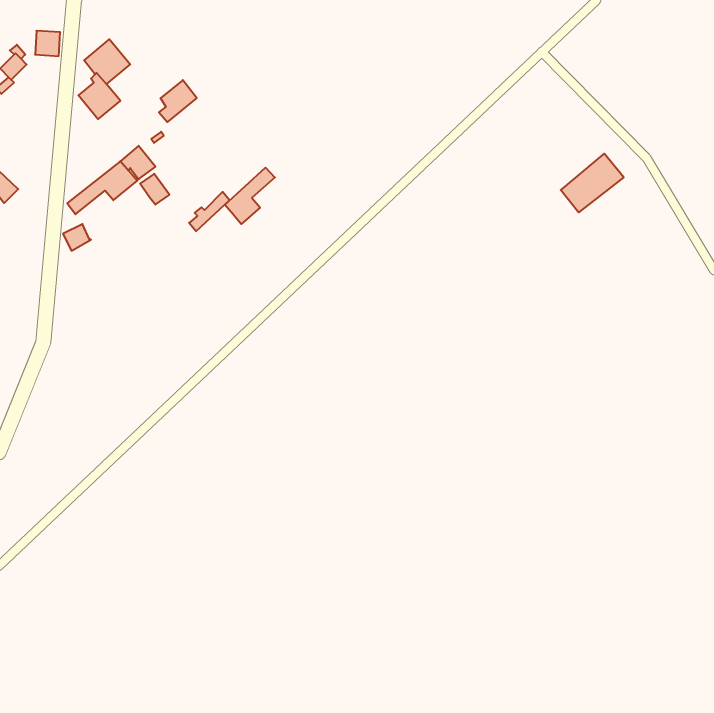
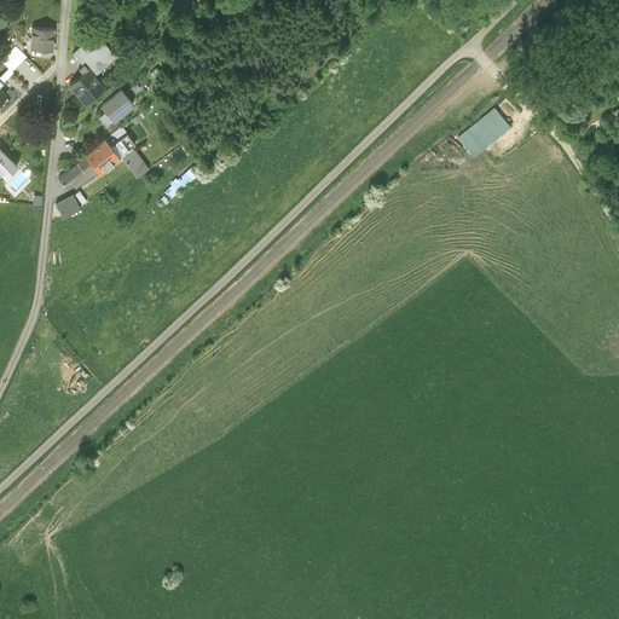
building: [159,80,197,122] -> [98,89,131,126]
building: [561,154,624,212] -> [457,108,511,158]
building: [225,168,275,224] -> none

